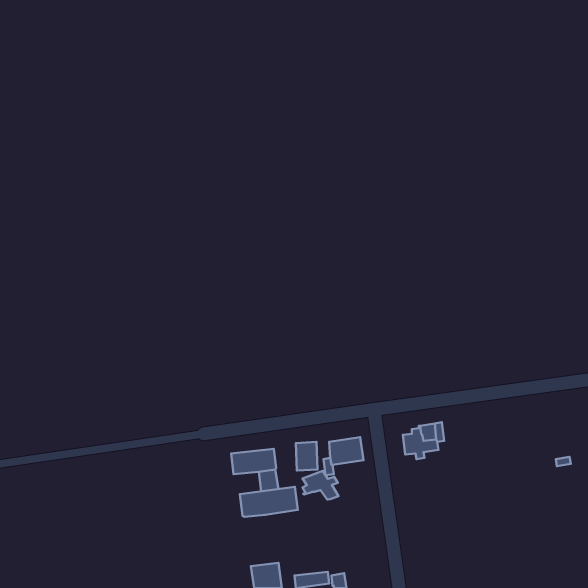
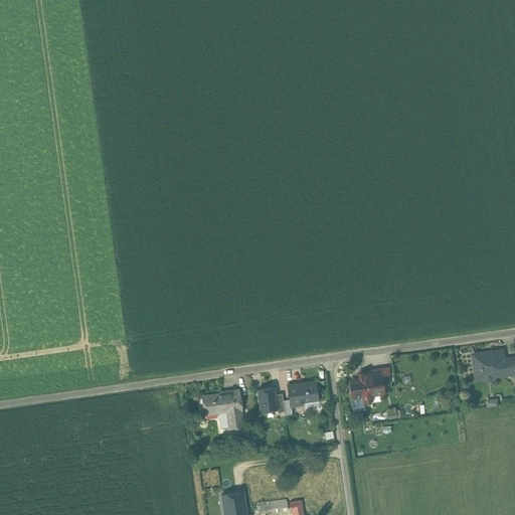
building: none -> [473,351,509,381]
building: [302,471,339,500] -> none
building: [240,487,298,517] -> none

